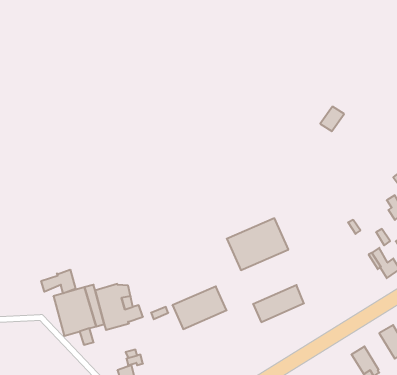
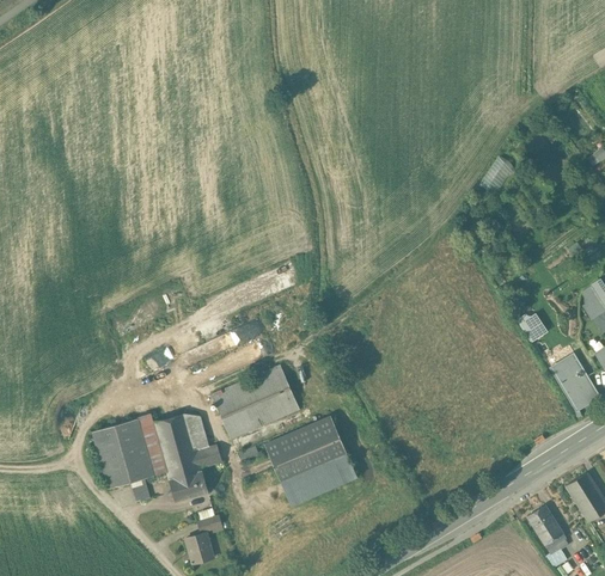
building: [227,218,288,270] -> [212,364,301,440]
building: [41,270,76,293] -> none
building: [253,285,304,322] -> [282,452,356,505]
building: none -> [170,471,209,502]

